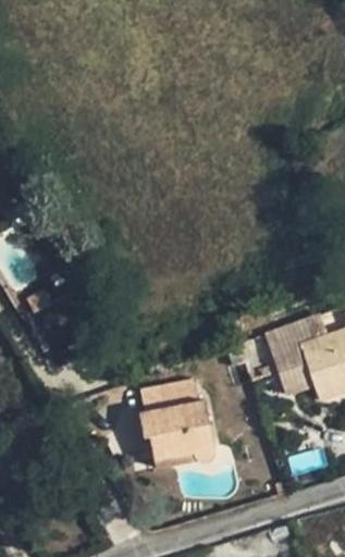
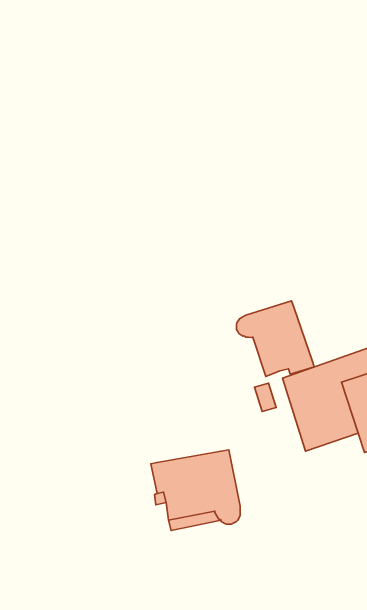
building: none -> [236,301,314,376]
building: [140,379,198,410] -> none

